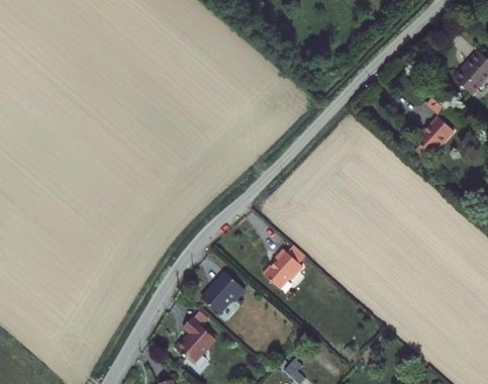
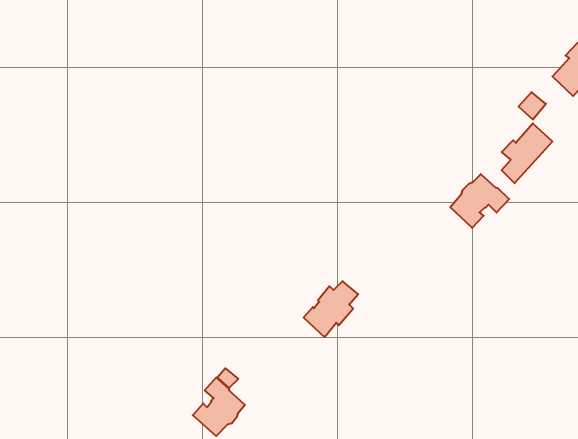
building: none -> [450,174,509,228]
building: [203,270,247,313] -> none

